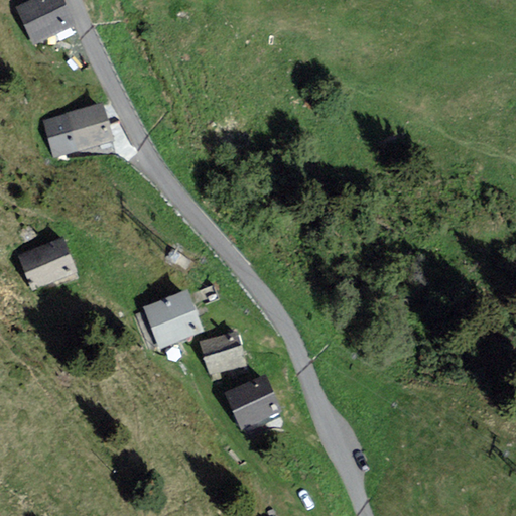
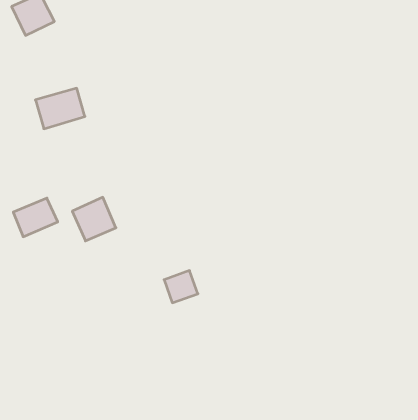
building: [144,290,198,344] -> [72,197,116,241]
building: [226,376,280,429] -> none

